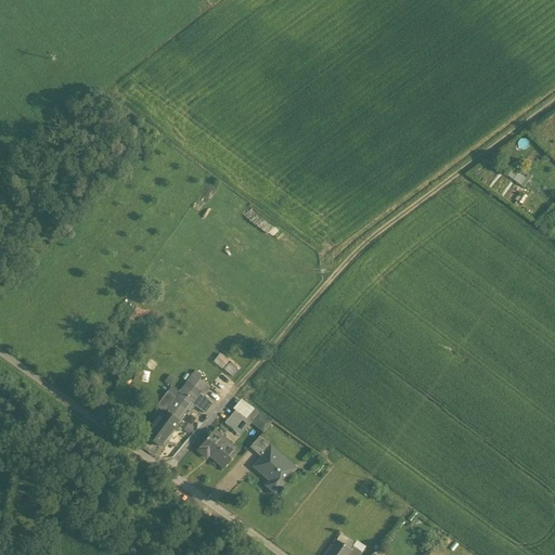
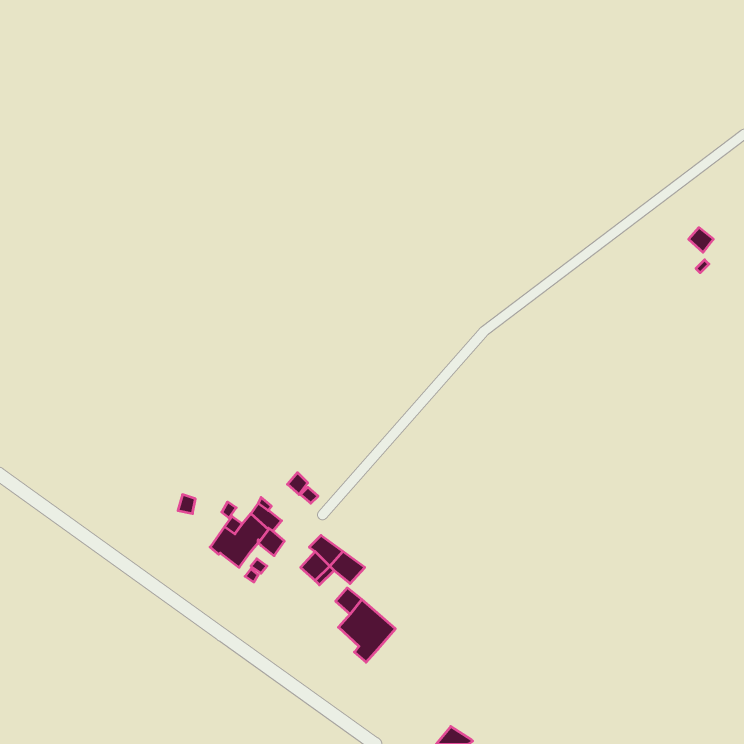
building: [145,411,178,446] -> none
building: [196,430,235,466] -> none

